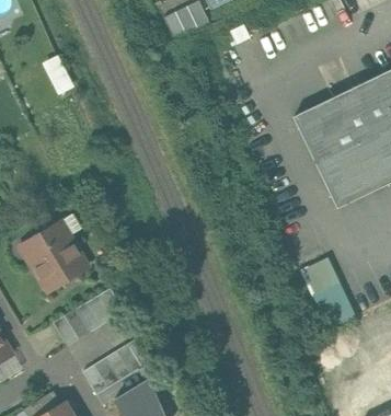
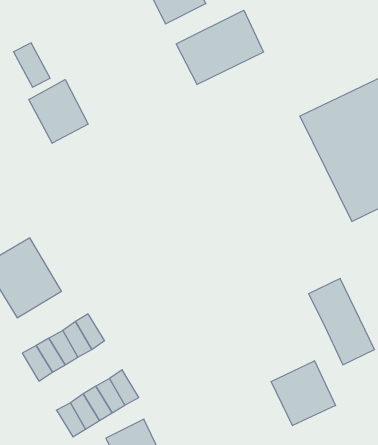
building: none -> [176,10,264,85]
building: none -> [29,80,88,143]
building: none -> [271,361,335,426]

